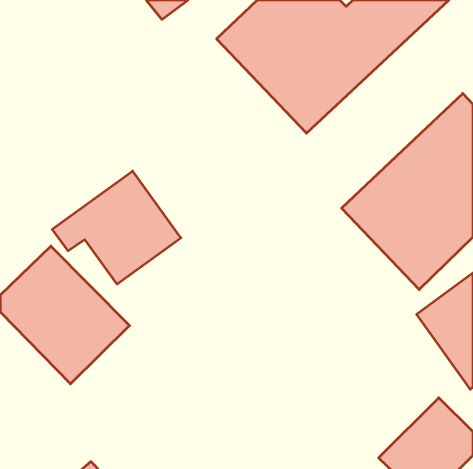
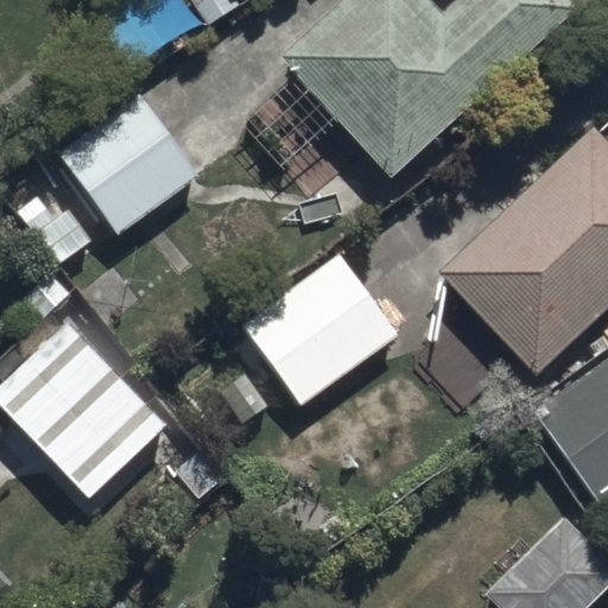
building: [52,171,181,284] -> [36,91,201,236]
building: none -> [239,248,400,407]

